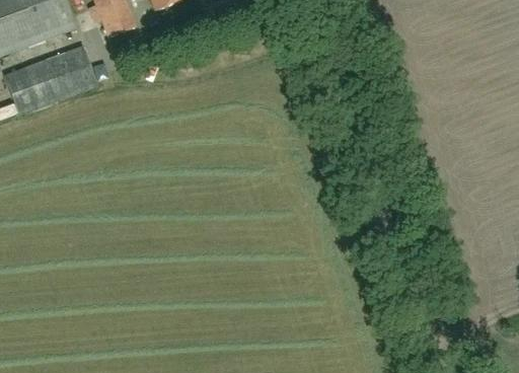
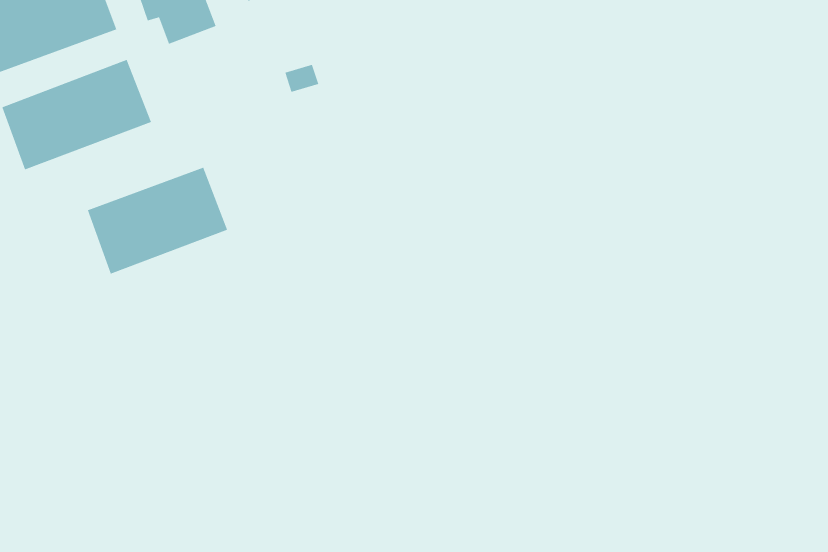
building: none -> [87,167,228,274]

